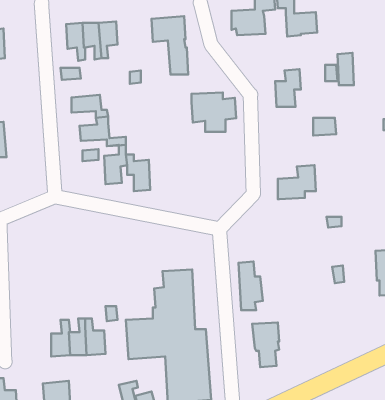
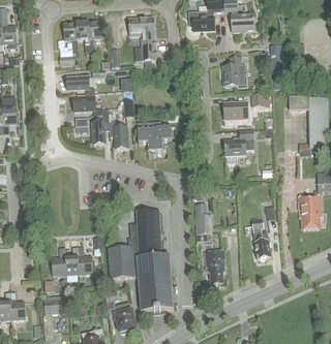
building: [192,93,236,132] -> [137,120,171,150]
building: none -> [222,100,247,119]
building: none -> [250,216,270,259]

